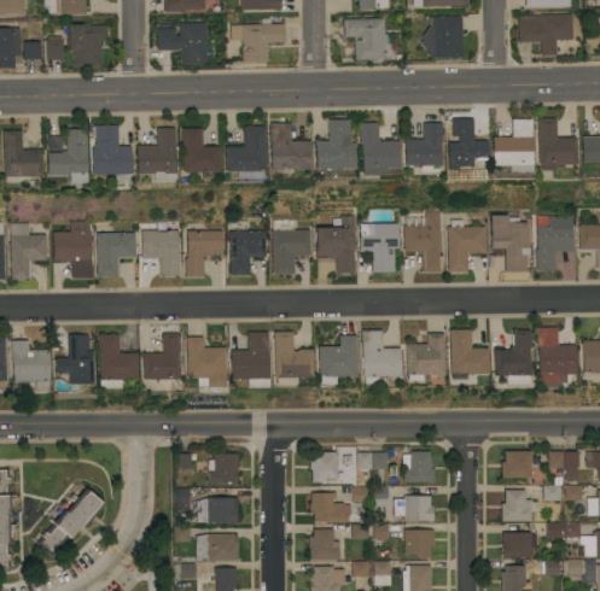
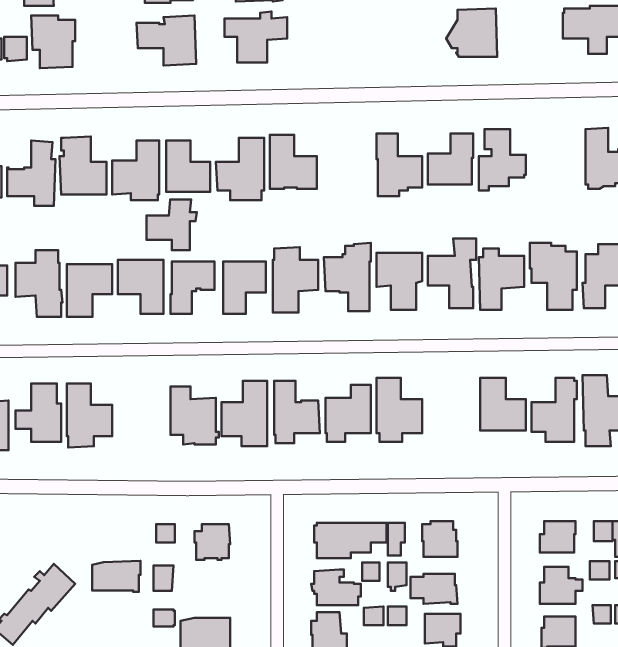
building: [345,18,388,59] -> none
building: [316,118,356,168] -> none
building: [494,118,534,172] -> none
building: none -> [146,199,197,250]
building: [144,333,181,388] -> none
building: [406,333,444,380] -> none
building: [197,497,238,523] -> [92,561,140,592]

